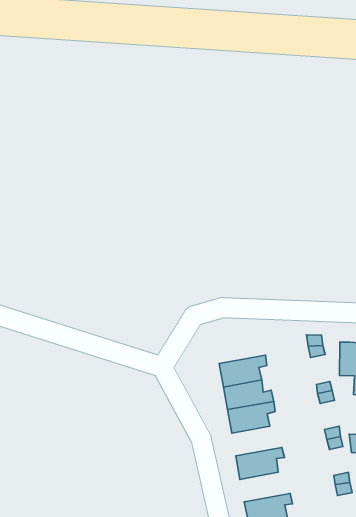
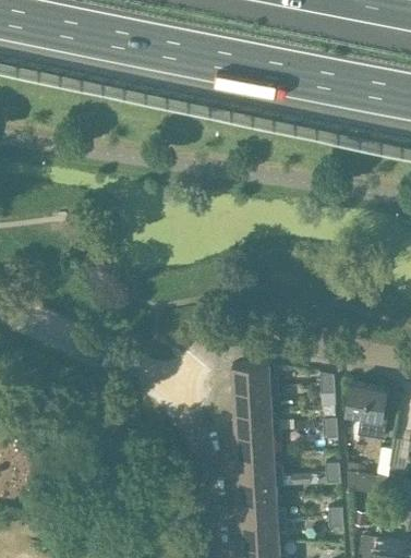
building: none -> [232,364,279,389]
building: none -> [238,454,283,478]
building: none -> [240,499,286,523]

